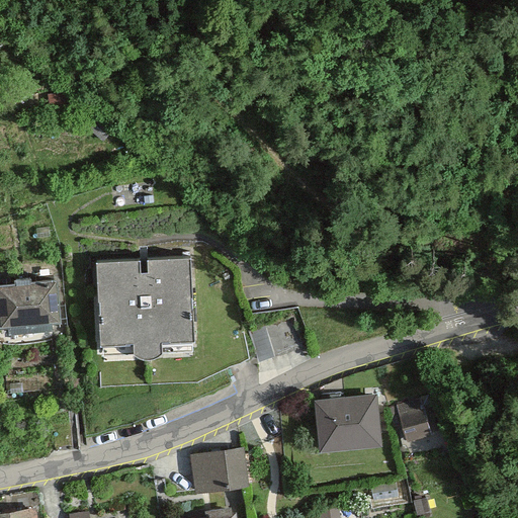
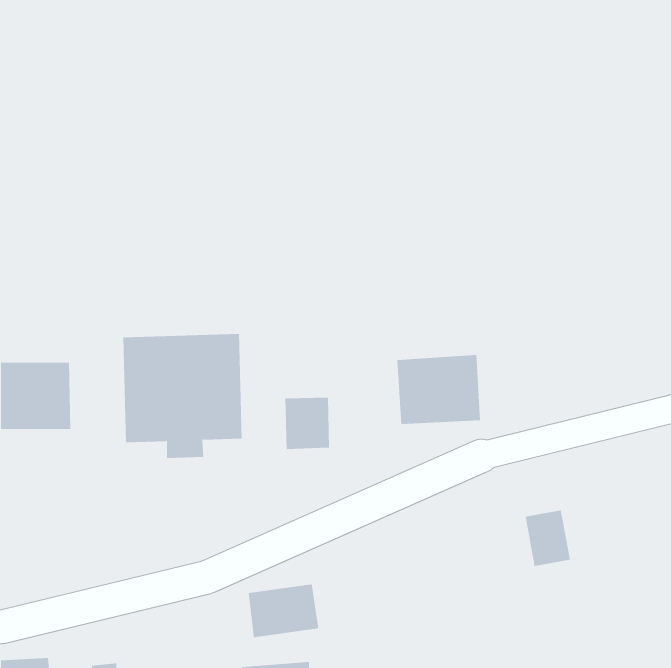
building: none -> [285,397,330,450]
building: [314,397,378,450] -> [397,355,481,424]

